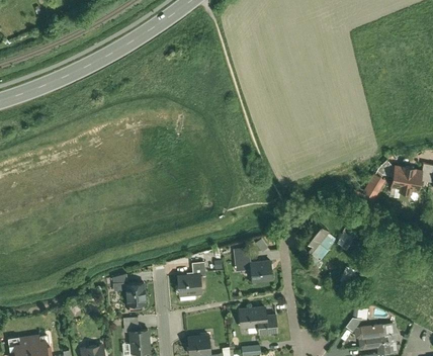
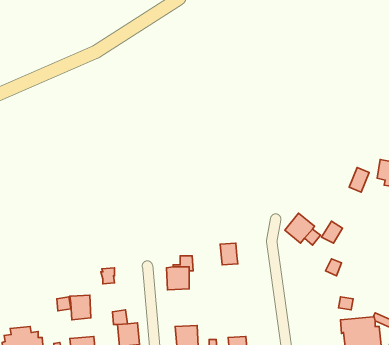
building: [249,261,271,284] -> none
building: [123,282,145,307] -> [70,295,91,320]
building: [238,305,277,336] -> none

